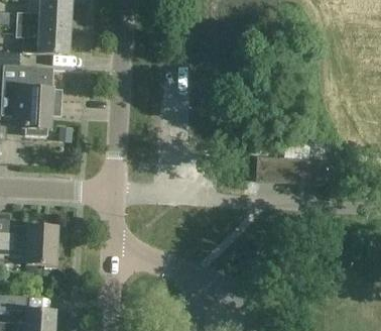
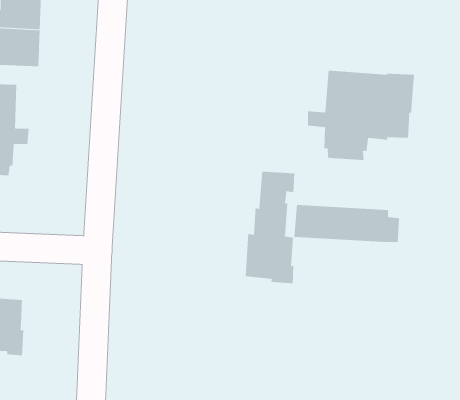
building: none -> [307,70,415,161]
building: none -> [245,171,295,284]

